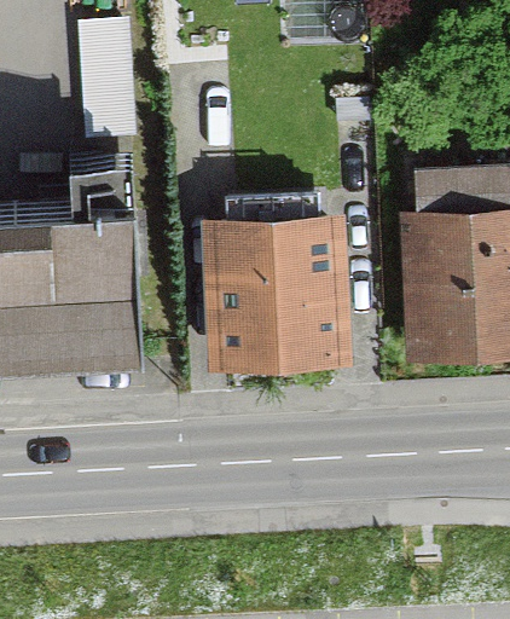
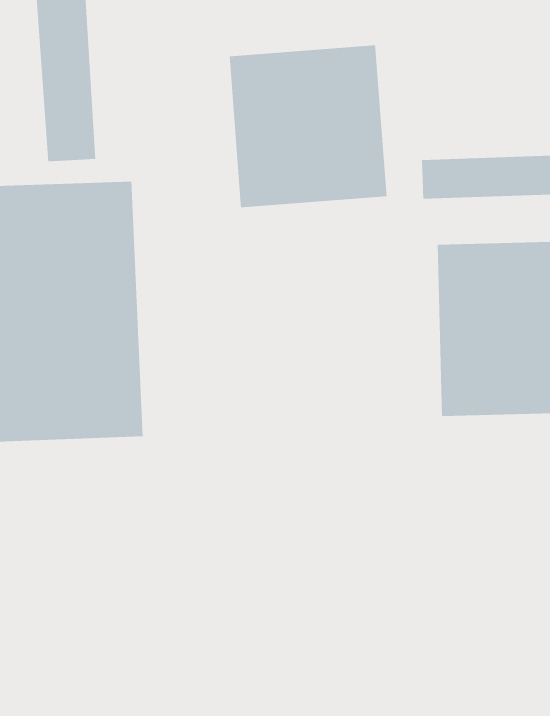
building: none -> [229,44,387,208]
building: [209,219,353,372] -> none

